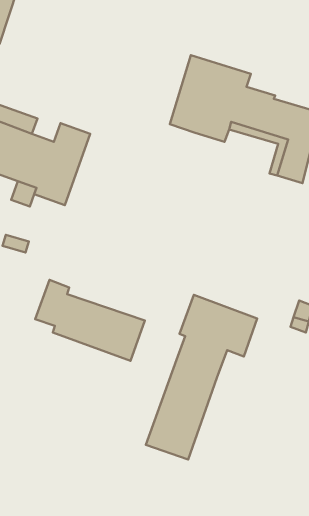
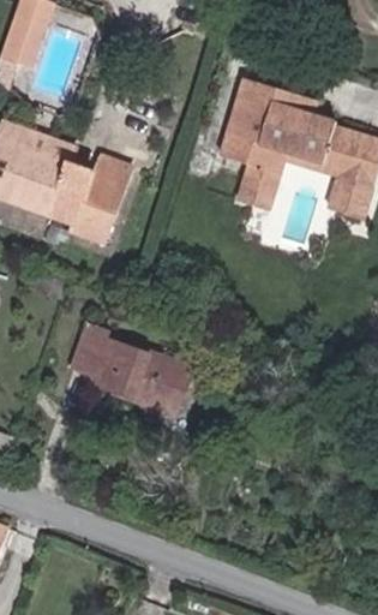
building: none -> [236,163,280,210]
building: [146,295,257,459] -> none

